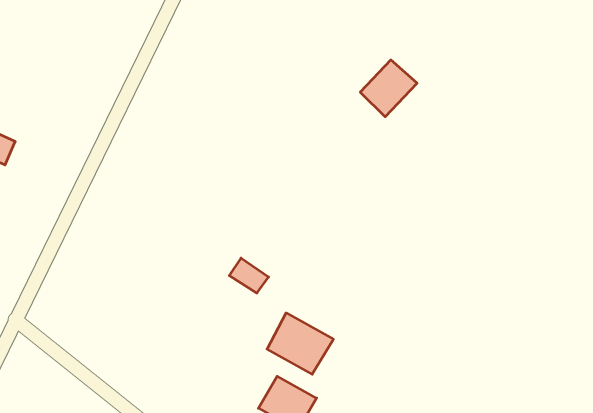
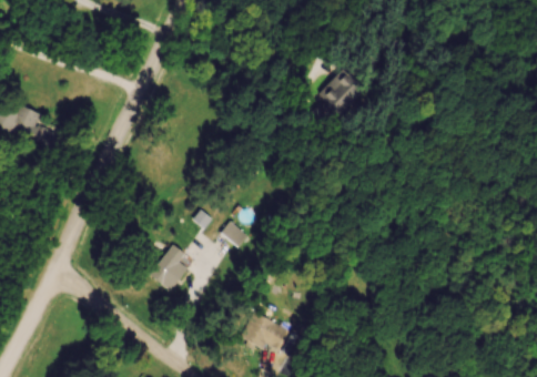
building: none -> [150,243,185,291]
building: [267,313,333,374] -> none

